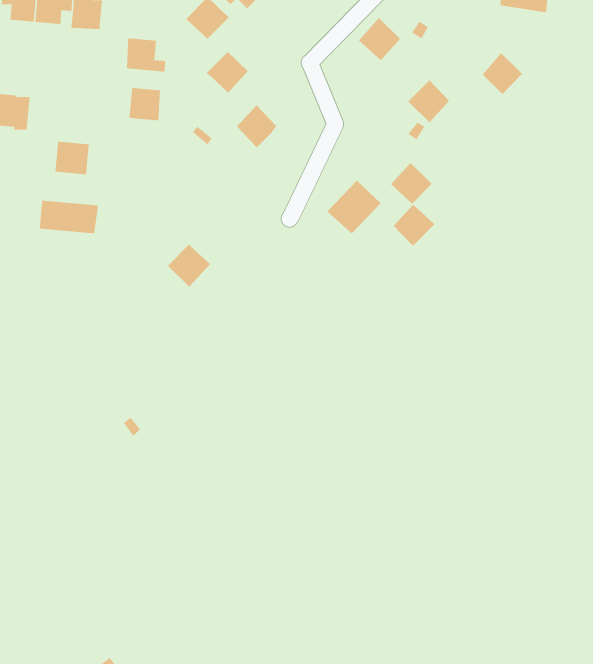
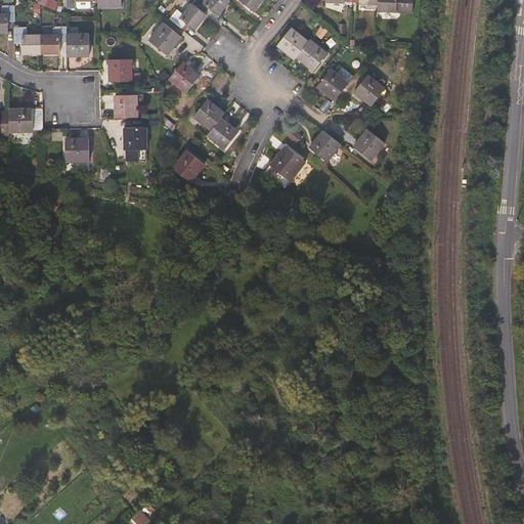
building: none -> [296,39,326,70]
building: [482,52,523,95] -> [354,75,384,105]
building: none -> [206,118,237,148]
building: none -> [124,127,145,160]
building: [39,200,99,234] -> none
building: [393,204,435,246] -> [353,129,384,160]
building: [167,244,211,288] -> [172,149,204,181]

